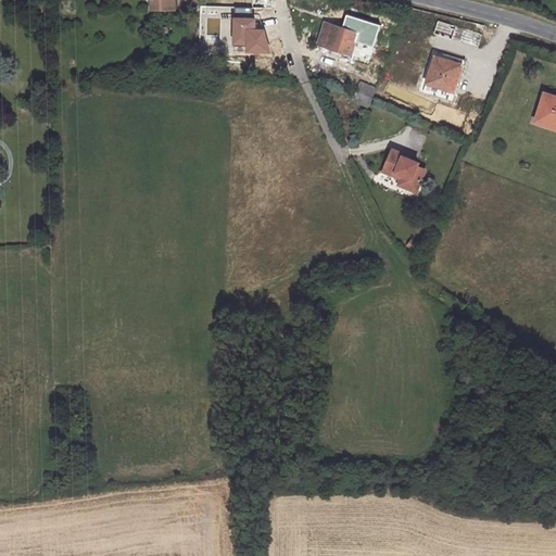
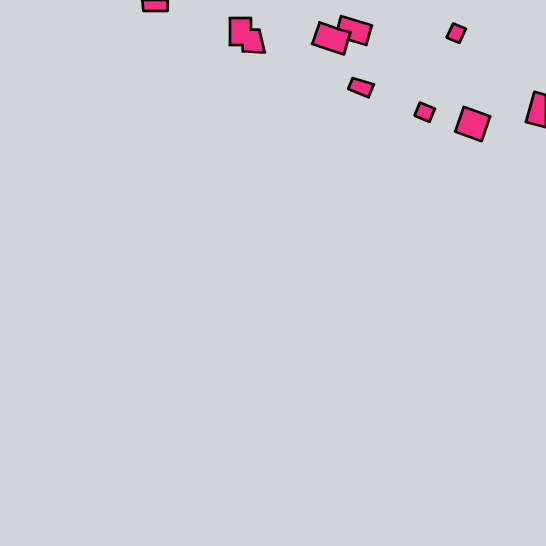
building: [427,58,463,92] -> [455,107,490,141]
building: [381,148,425,190] -> none

